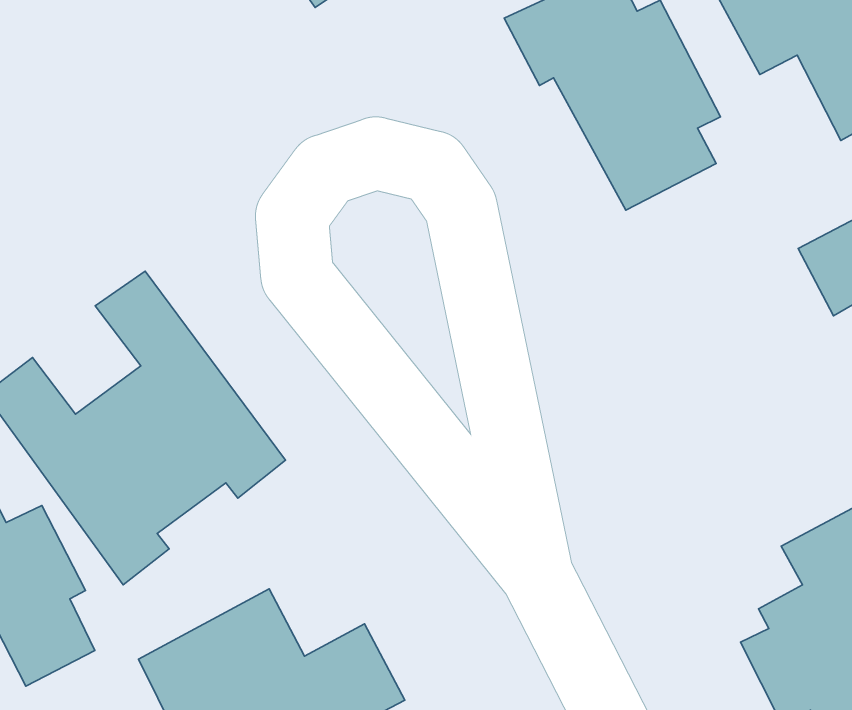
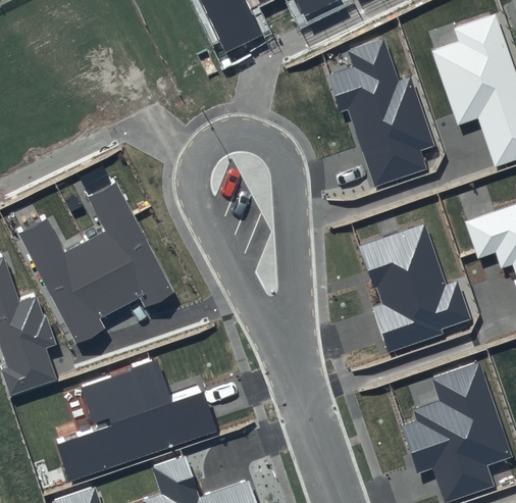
building: none -> [359,224,472,352]

